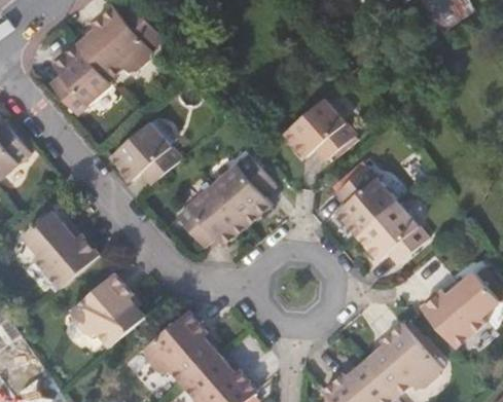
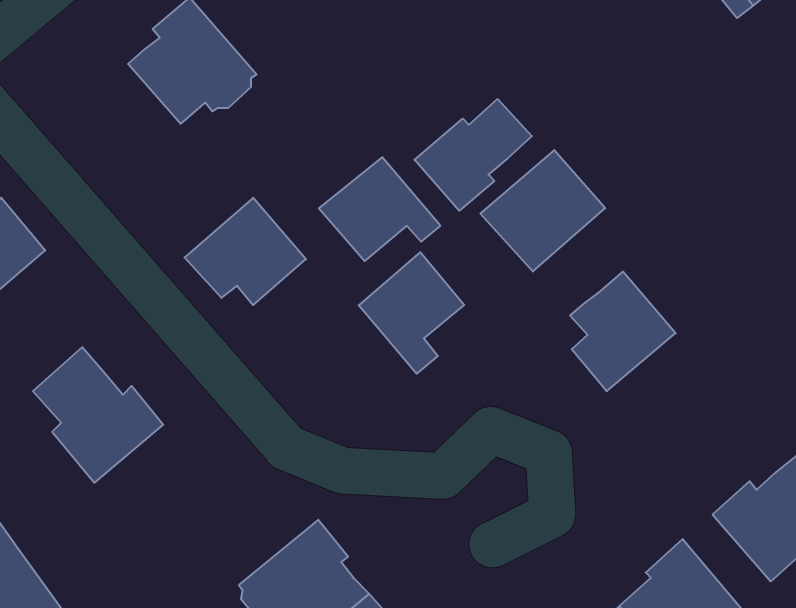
building: [49,44,110,114] -> none
building: none -> [414,99,532,211]
building: [175,185,246,246] -> [319,157,440,261]
building: [357,202,428,264] -> none
building: [68,273,143,346] -> none

